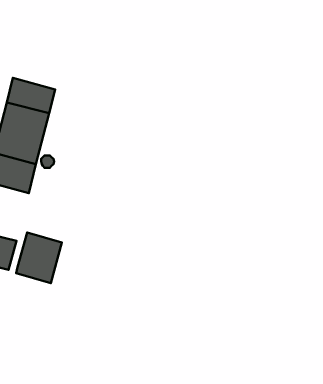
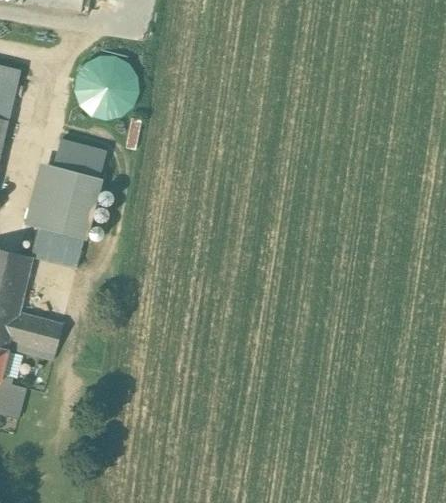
building: none -> [77,59,137,119]
building: [16,232,62,283] -> none

